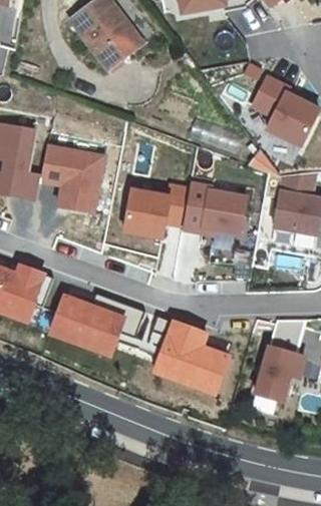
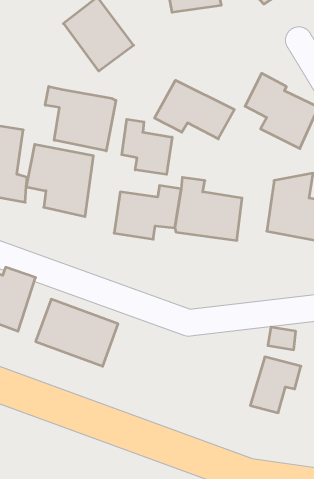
building: none -> [155,80,234,139]
building: none -> [45,86,116,151]
building: none -> [122,119,172,174]
building: [152,320,232,396] -> none

